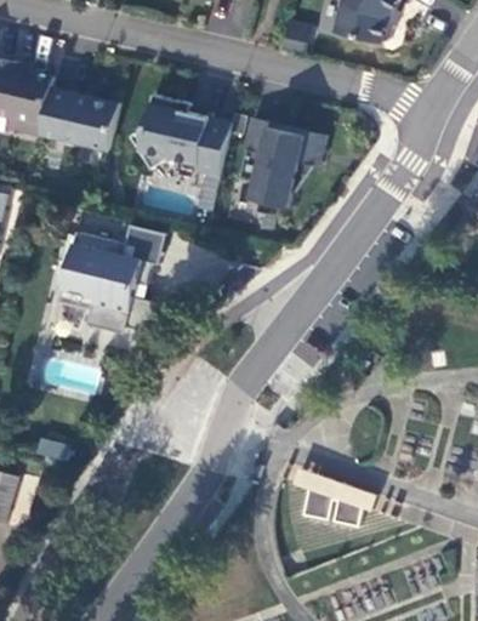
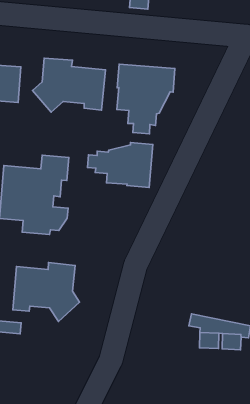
building: none -> [87,143,153,188]
building: none -> [13,263,80,321]

